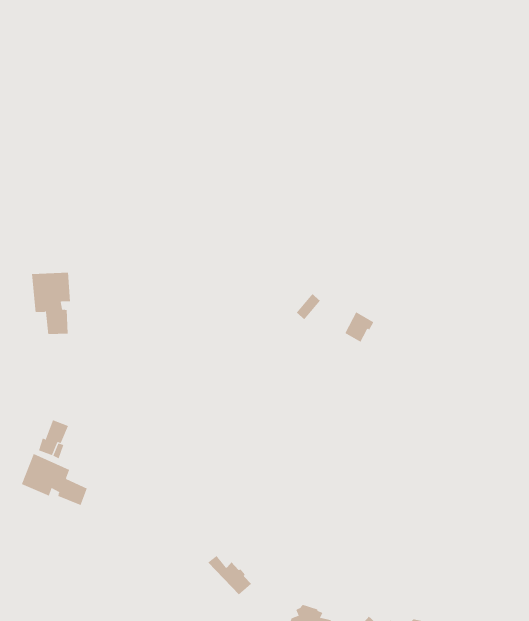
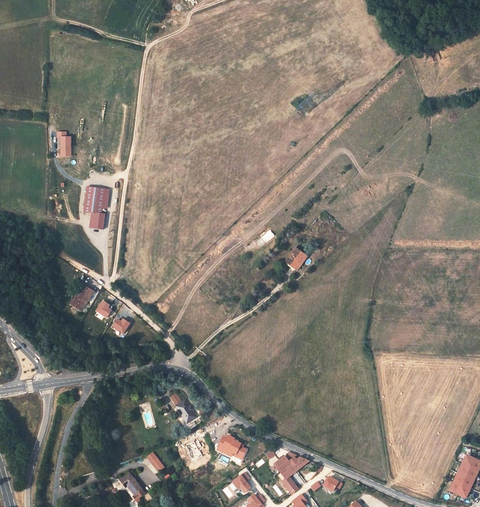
building: [21,453,87,506] -> none

